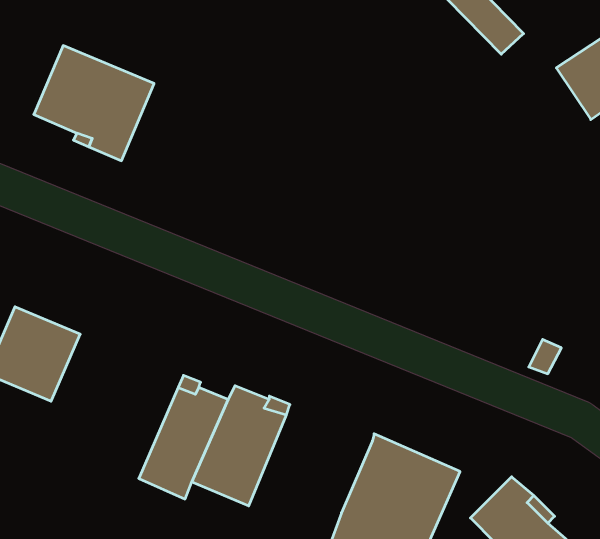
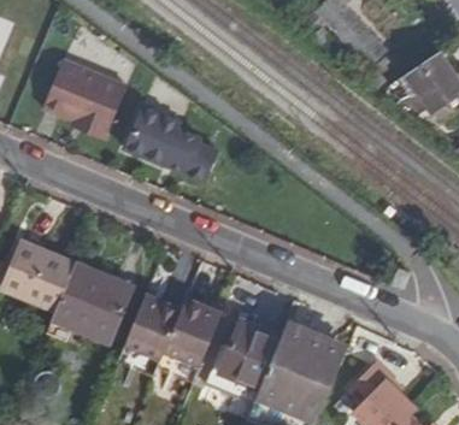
building: none -> [120,104,214,179]
building: none -> [49,256,129,337]
building: none -> [212,318,276,385]

